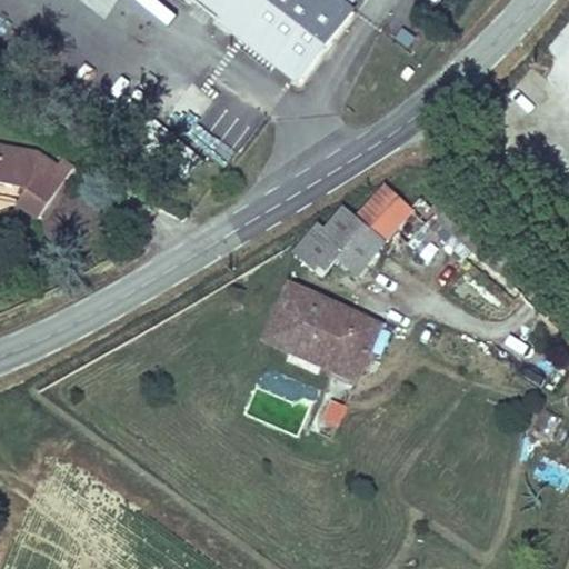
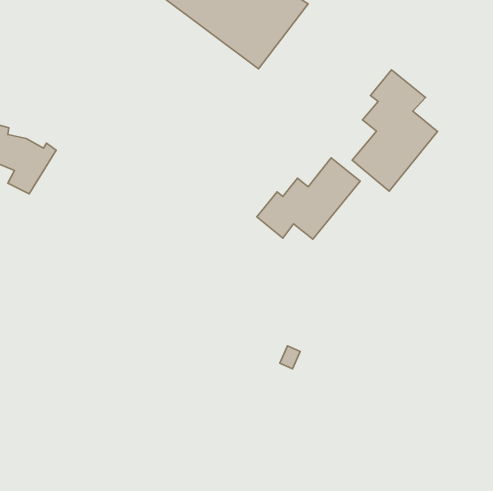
building: none -> [352,70,438,191]
building: [262,279,381,379] -> none

